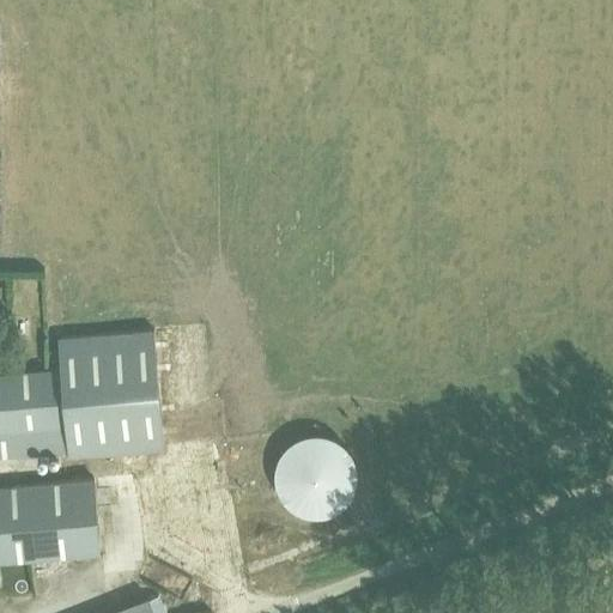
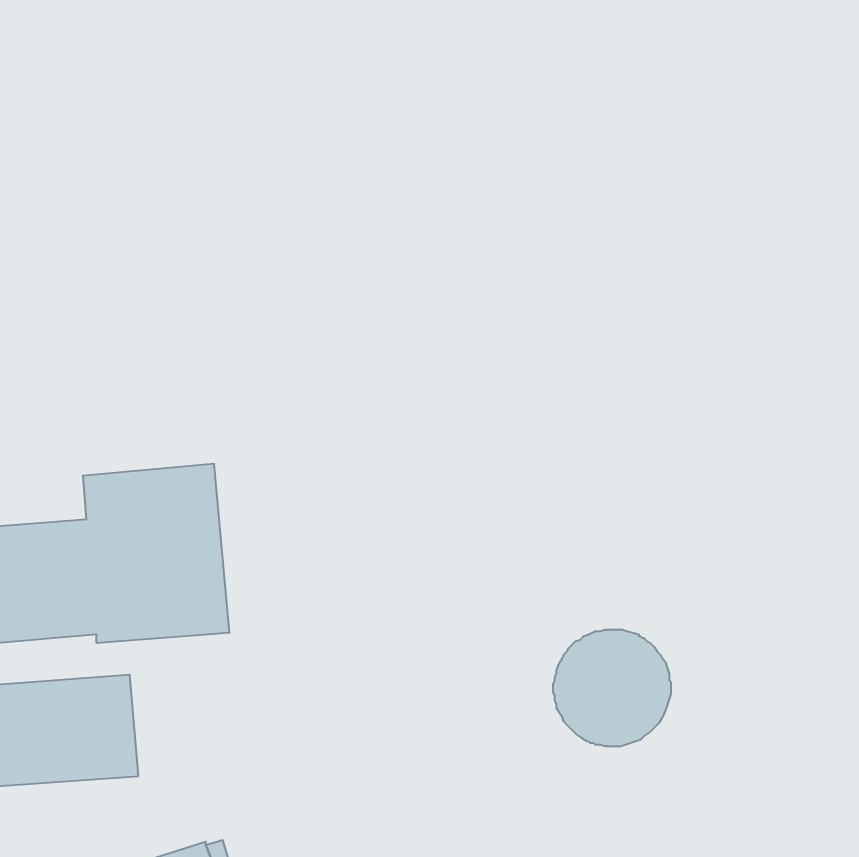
building: [273,437,357,520] -> [553,630,671,746]

